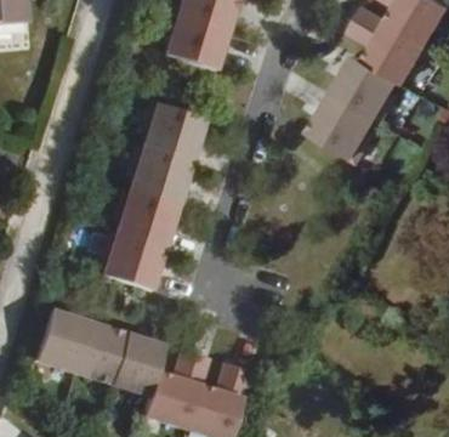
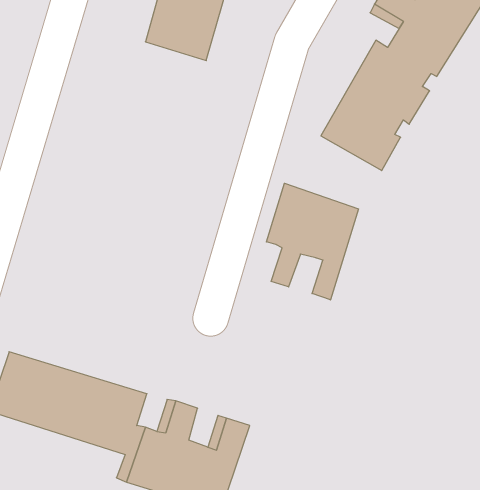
building: [101,96,208,288] -> none
building: none -> [266,183,358,300]

